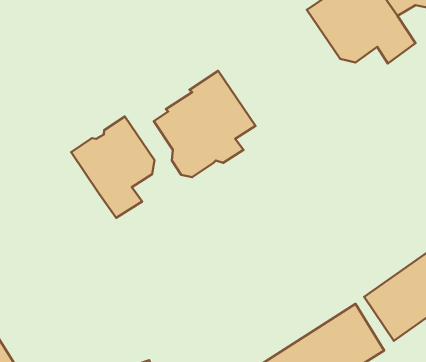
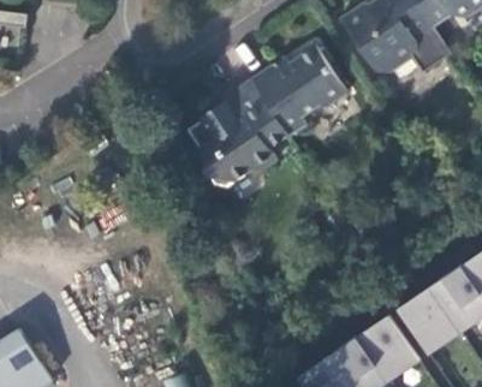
building: none -> [252,48,347,138]
building: [71,116,154,218] -> none

